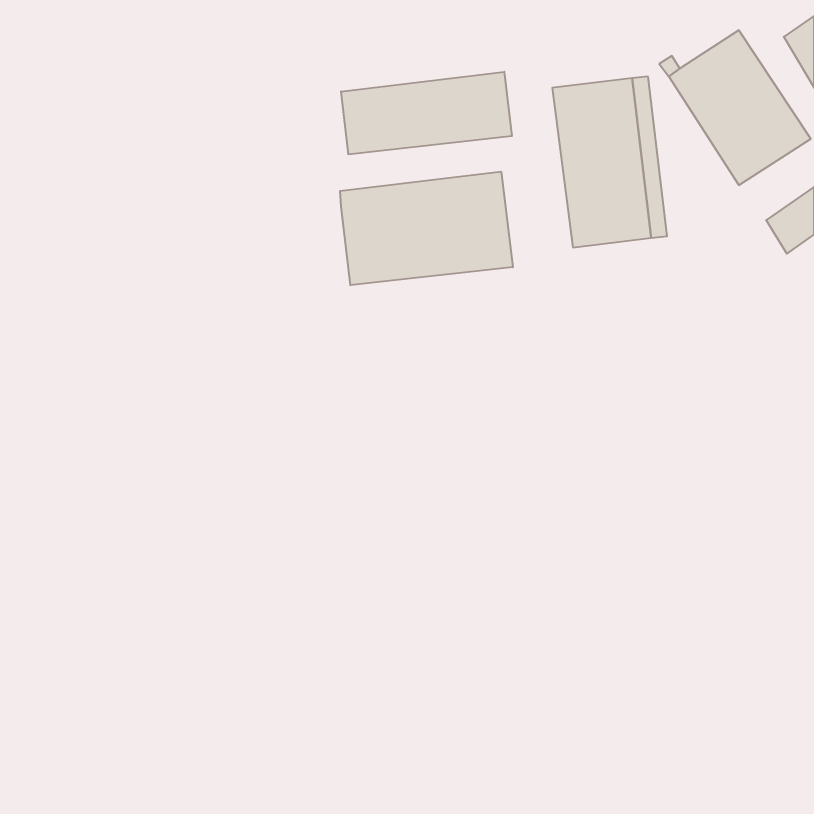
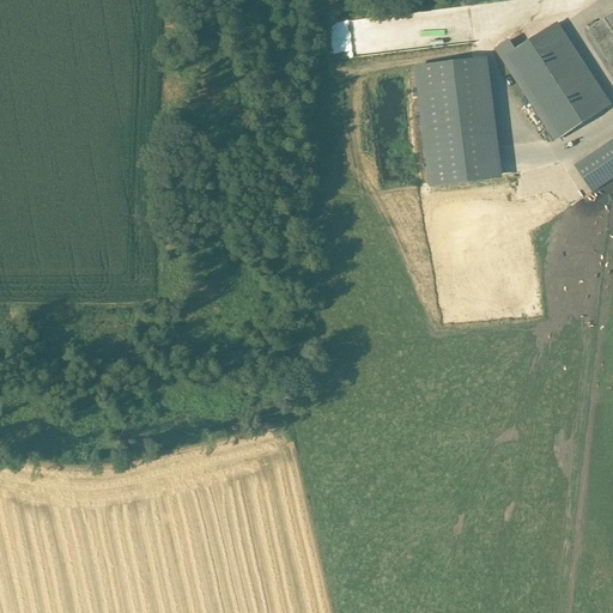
building: [341,72,512,154] -> none
building: [340,172,513,285] -> none

